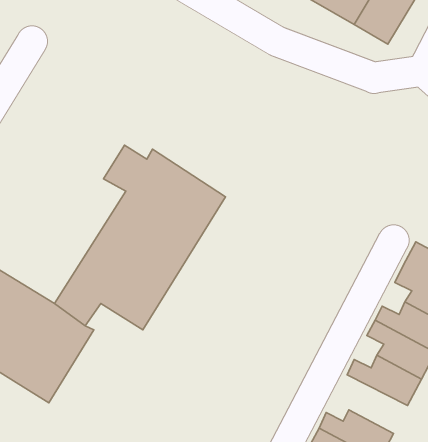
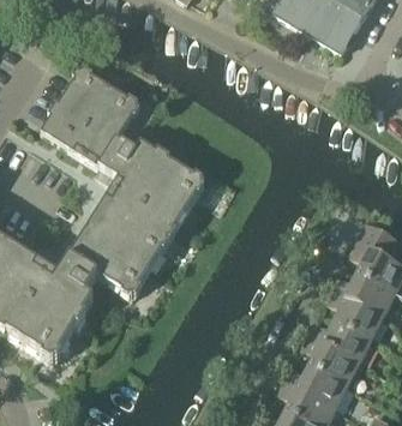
building: none -> [41,67,138,167]
building: none -> [300,335,359,385]

